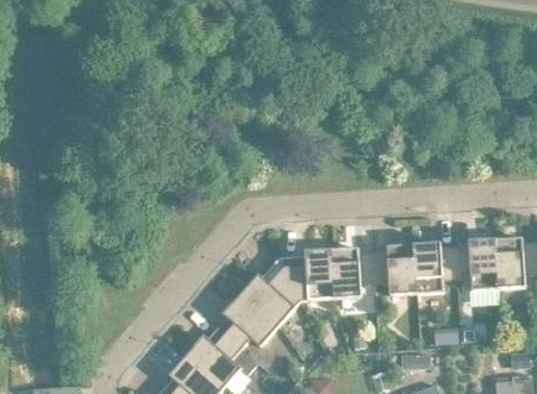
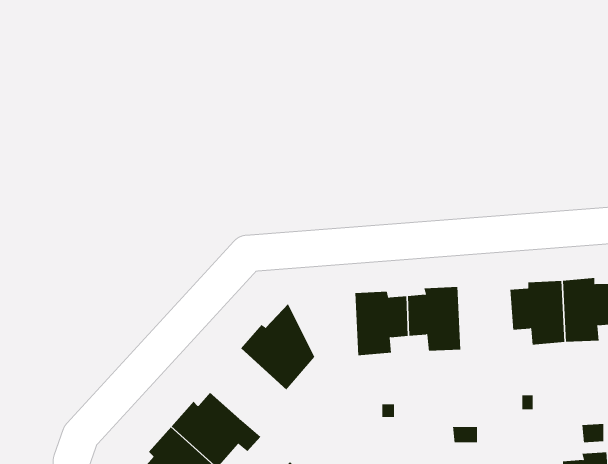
building: [413,243,456,294] -> none
building: [279,249,333,300] -> none
building: [217,293,277,349] -> none

